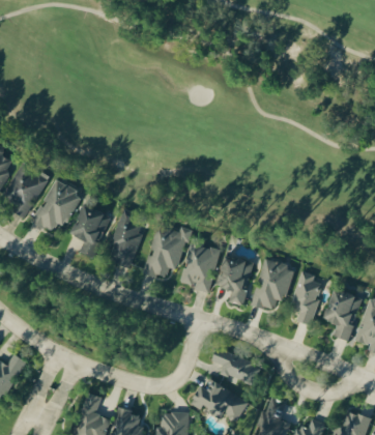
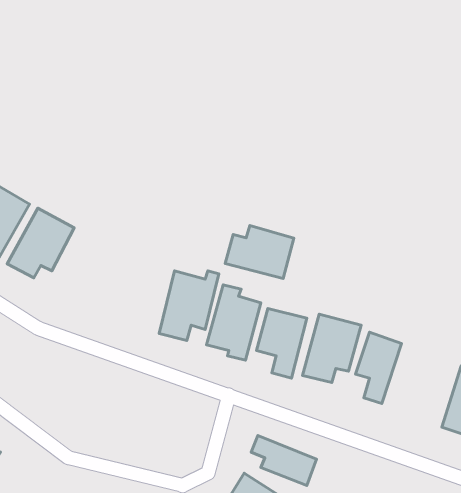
building: none -> [225,226,294,278]
building: [70,205,110,258] -> none
building: [105,215,145,268] -> none
building: [324,289,362,341] -> none

